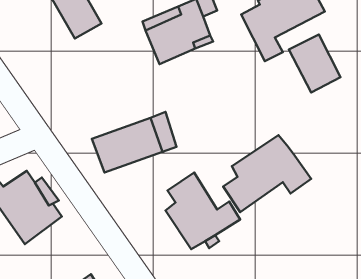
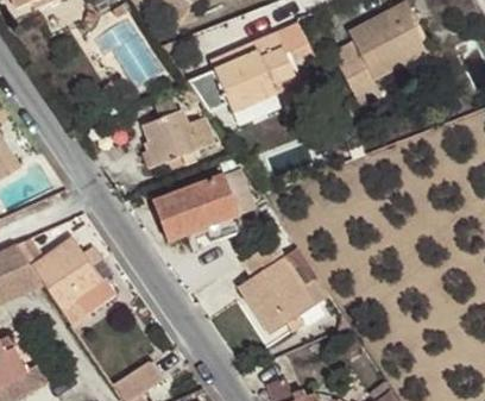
building: [289,35,341,92] -> none
building: none -> [140,111,213,170]
building: [223,135,311,212] -> none

